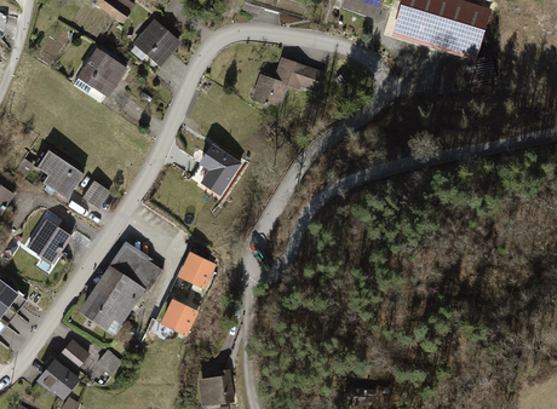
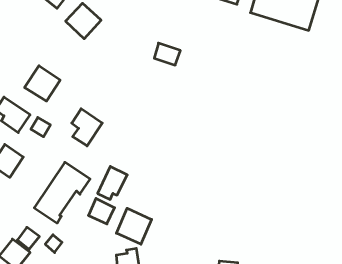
building: [71,47,122,98] -> [25,66,60,101]
building: [276,59,328,92] -> none
building: [200,142,243,195] -> [72,109,102,146]
building: none -> [116,208,152,244]

